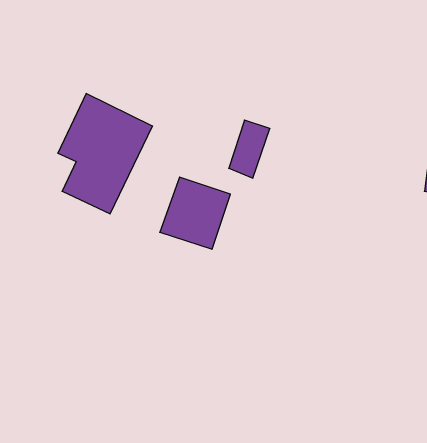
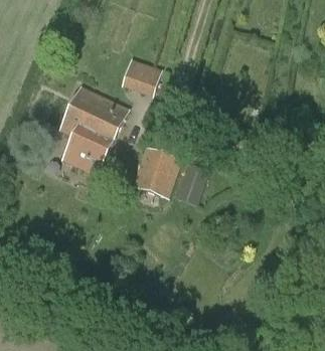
building: none -> [126,60,165,96]
building: [229,120,270,178] -> [175,165,204,206]

